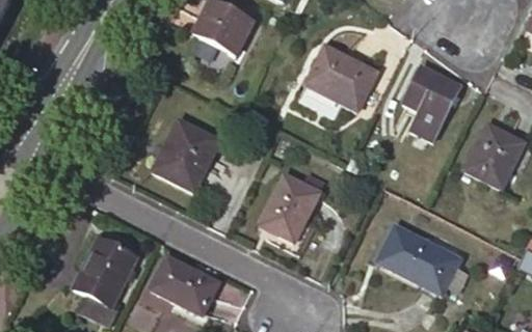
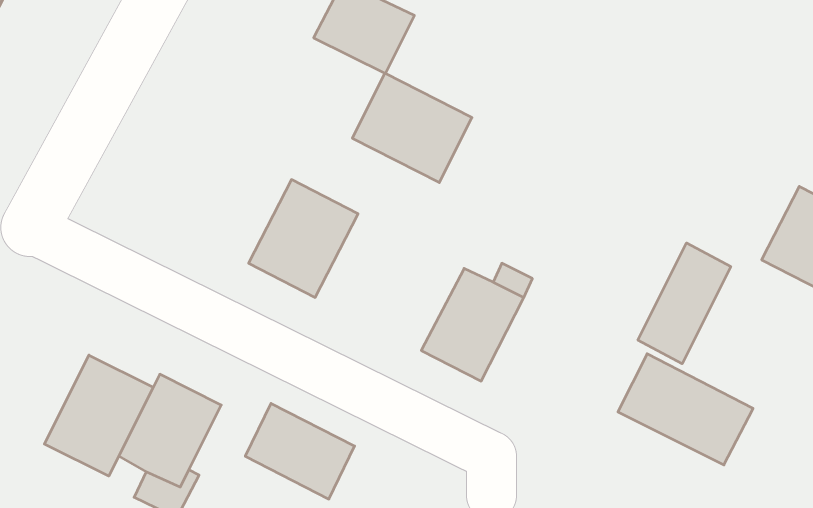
building: [304,45,377,111] -> [352,73,472,183]
building: [402,66,459,121] -> none
building: none -> [638,243,731,364]
building: none -> [44,355,153,476]

